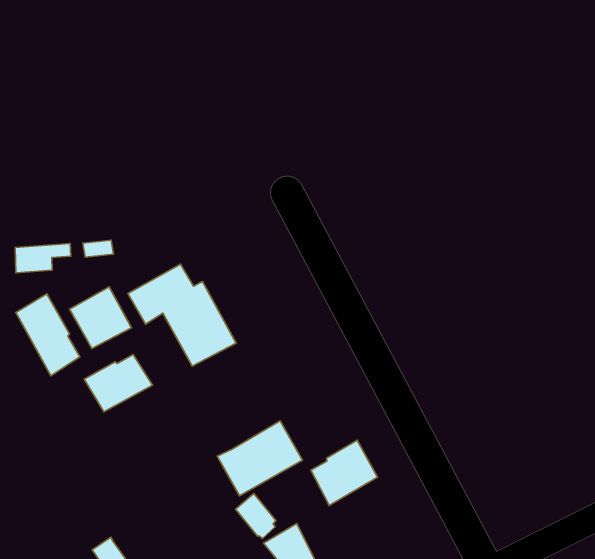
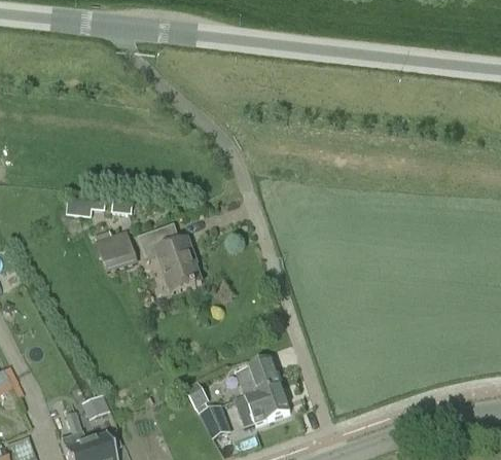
building: [16,294,80,376] -> none
building: [84,354,152,412] -> none
building: [217,421,302,496] -> [235,382,289,426]

